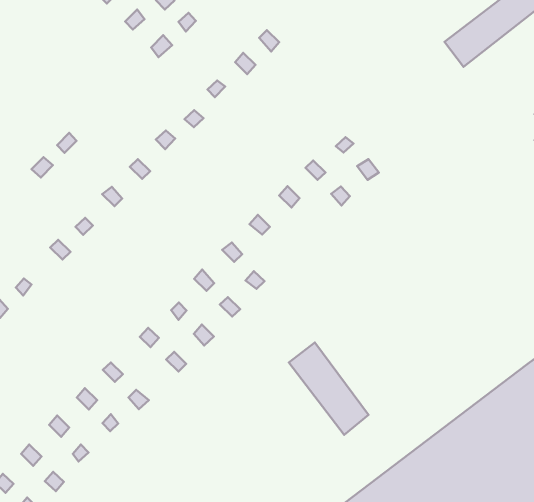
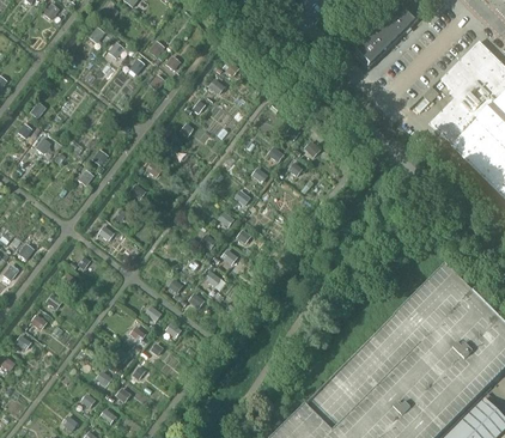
building: [289,342,369,435] -> none

